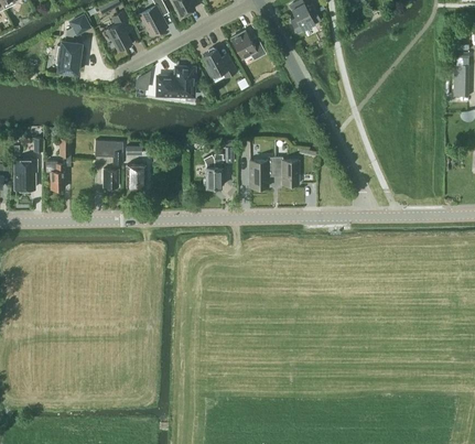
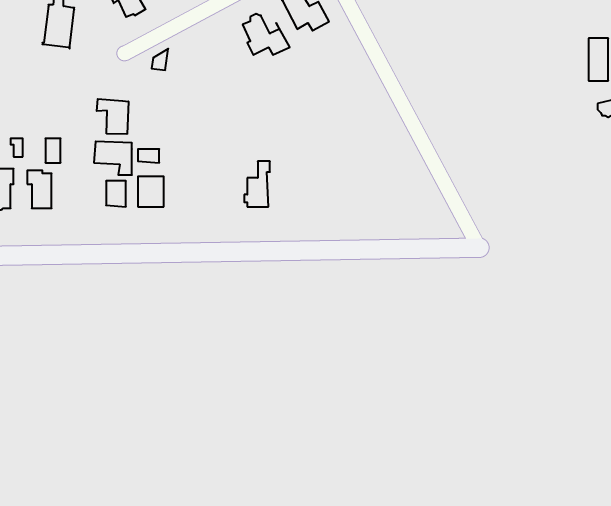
building: [158,68,194,96] -> none
building: none -> [97,99,128,134]
building: [249,158,299,188] -> none

